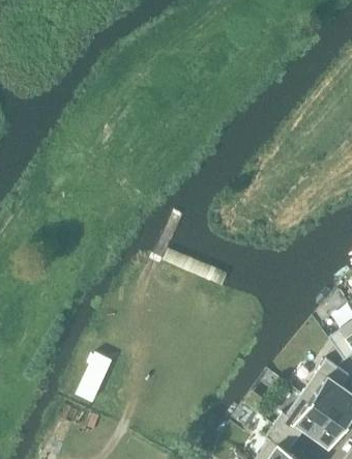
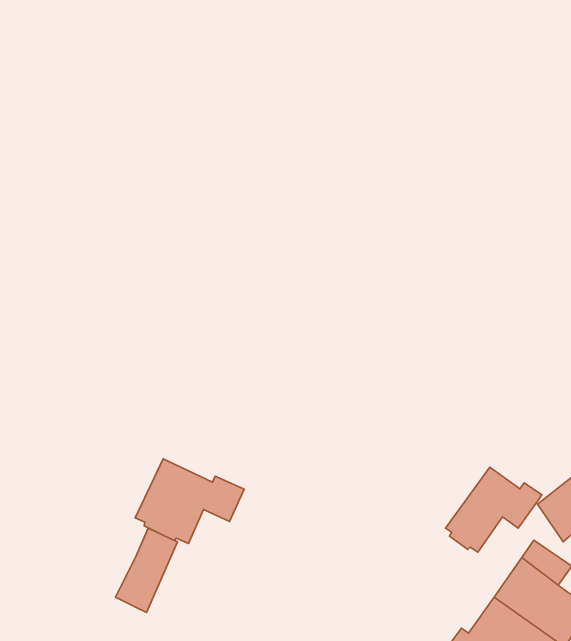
building: none -> [135,459,244,544]
building: none -> [446,467,542,552]

